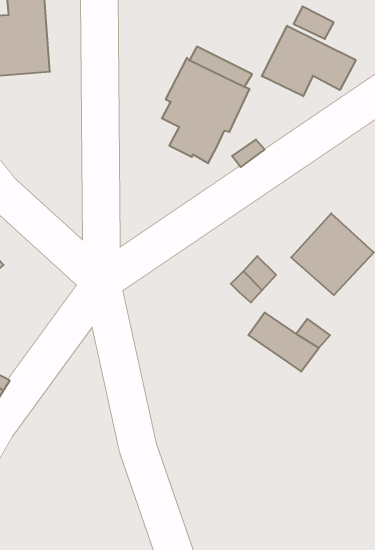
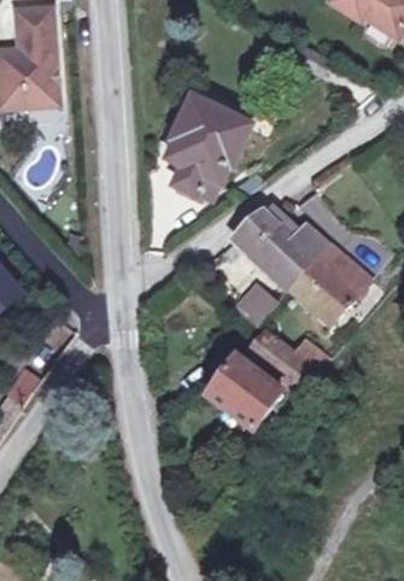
building: [262,26,356,96] -> none
building: none -> [238,207,330,283]
building: none -> [206,357,282,432]

